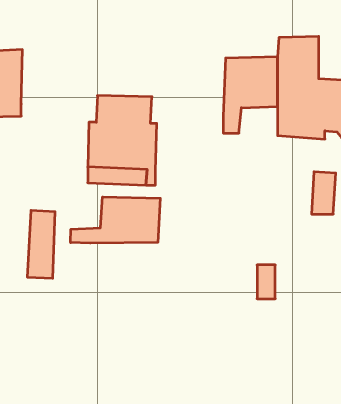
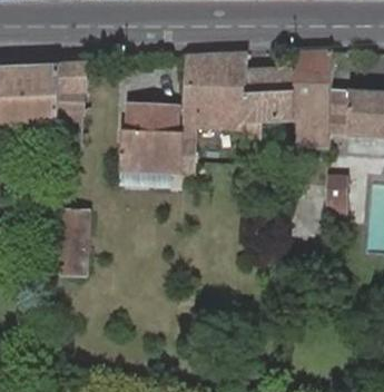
building: none -> [178,53,243,174]
building: none -> [55,61,82,148]
building: [71,197,160,243] -> none

